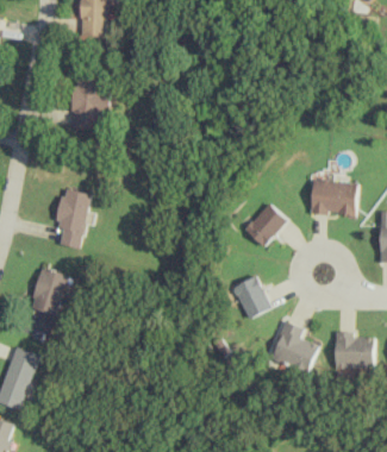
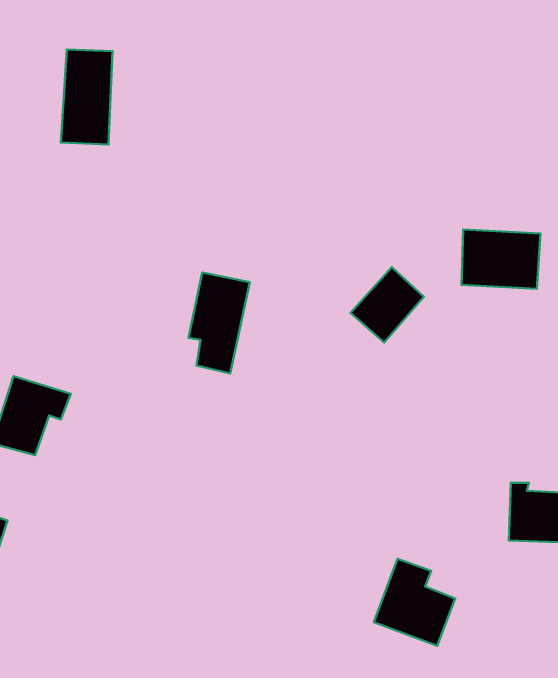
building: [55,188,92,249] -> [188,272,250,373]
building: [232,275,273,319] -> none
building: [270,321,319,373] -> [374,559,455,646]

